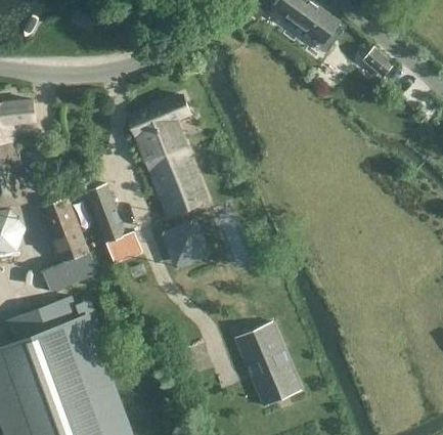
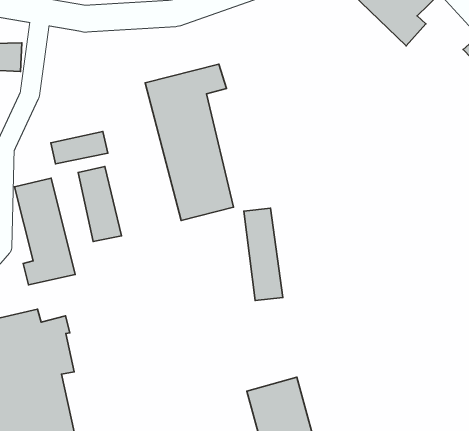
building: none -> [51,131,108,164]
building: [162,215,214,268] -> none
building: [106,231,142,262] -> none

